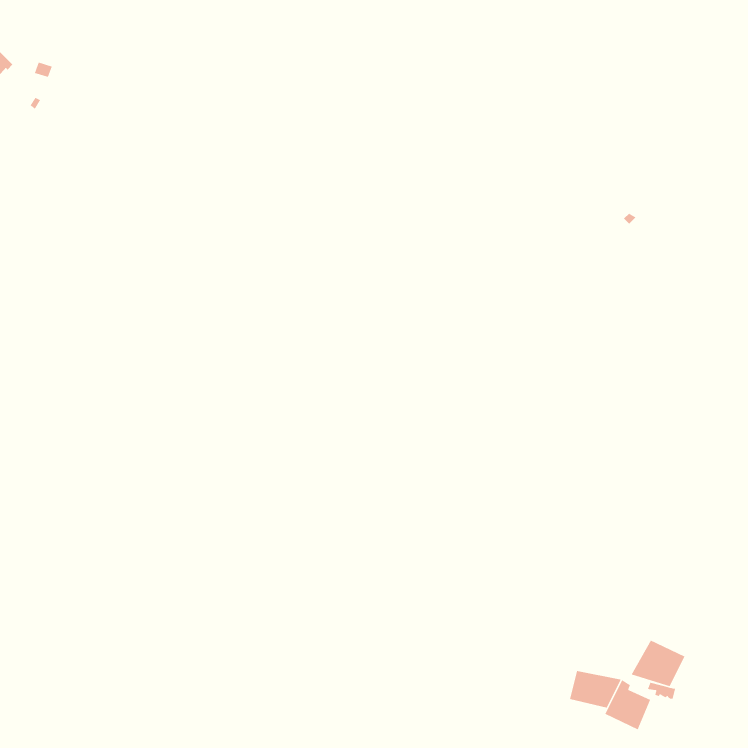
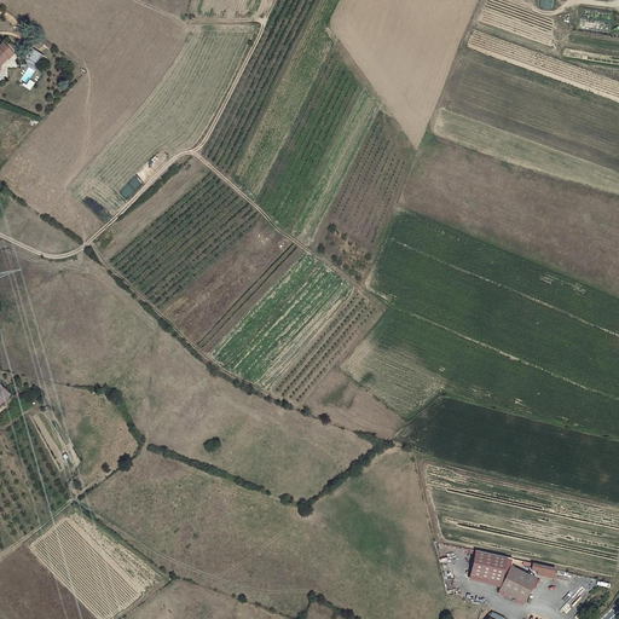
building: [631,639,685,687] -> none

